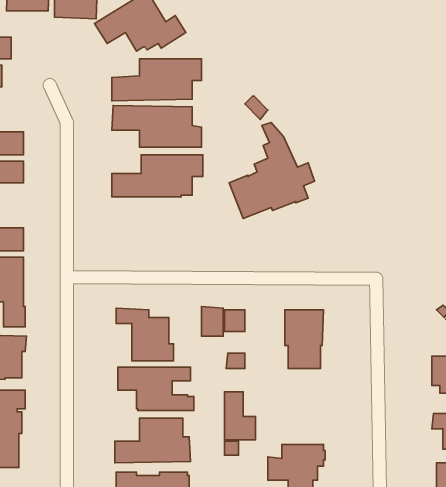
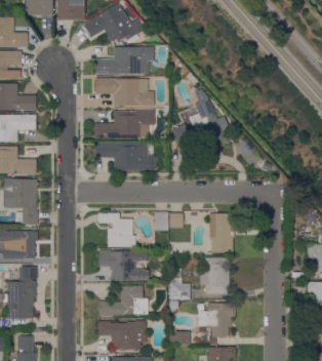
building: none -> [94,143,155,170]
building: none -> [199,257,229,293]

